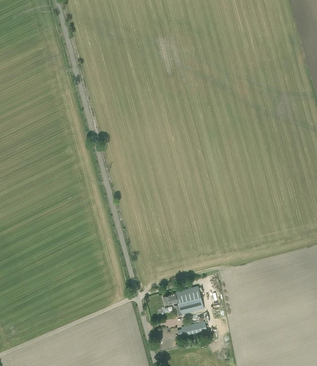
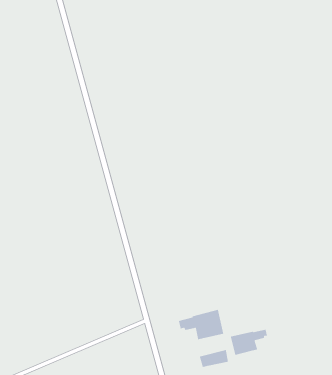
building: none -> [230,329,268,356]

